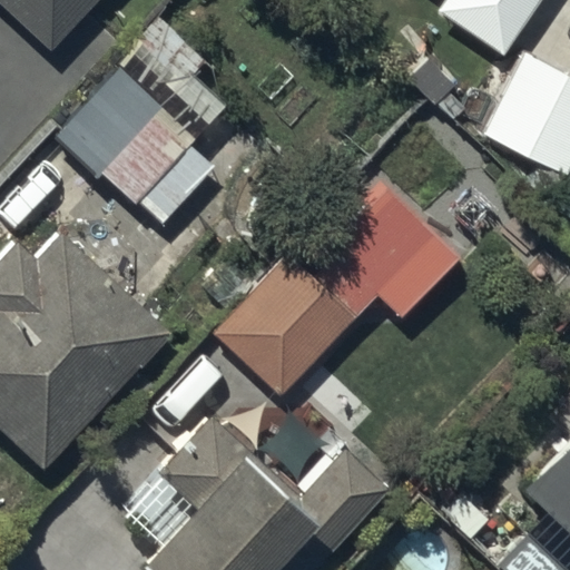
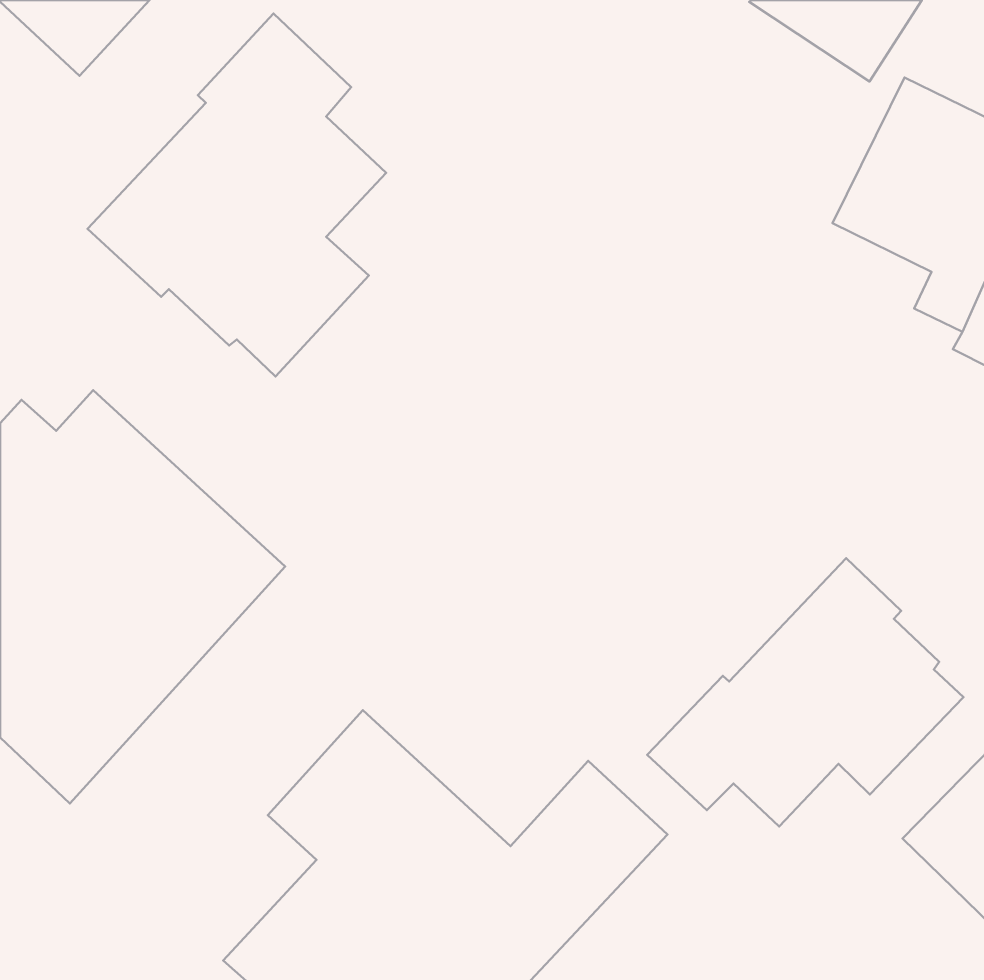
building: [219,184,462,391] -> none
building: none -> [647,558,963,826]

